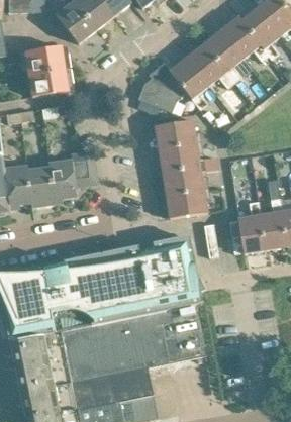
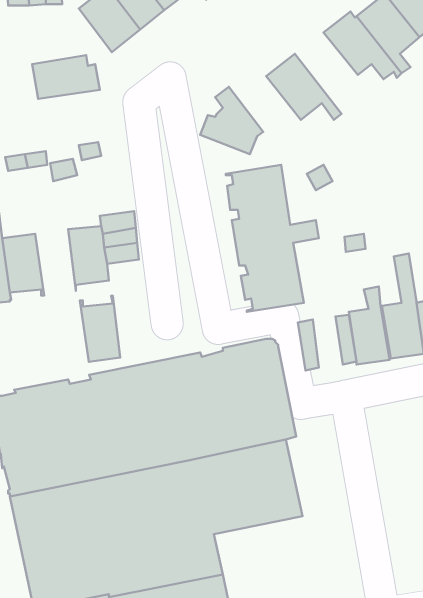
building: [202,29,245,84] -> none
building: [158,59,207,108] -> none
building: [29,68,73,95] -> none
building: [27,162,55,206] -> [80,296,120,362]

